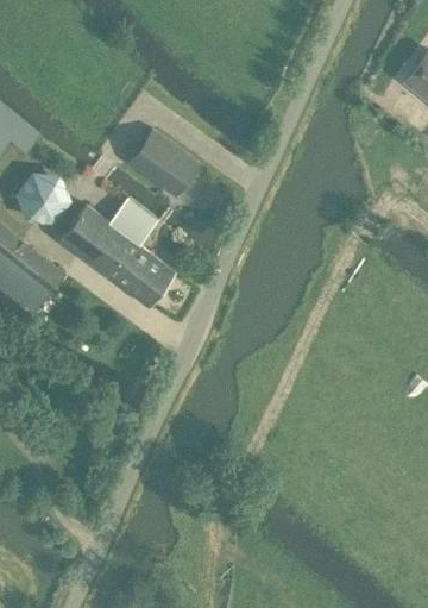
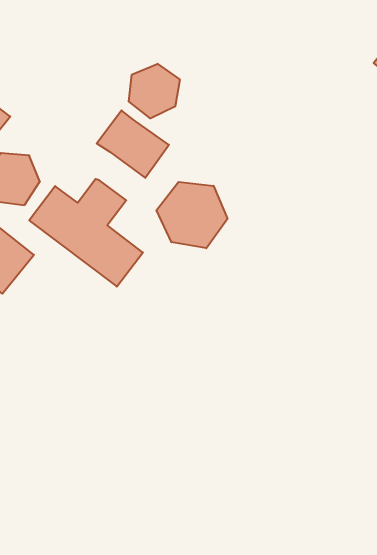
building: none -> [129,64,180,118]
building: none -> [156,182,227,248]

